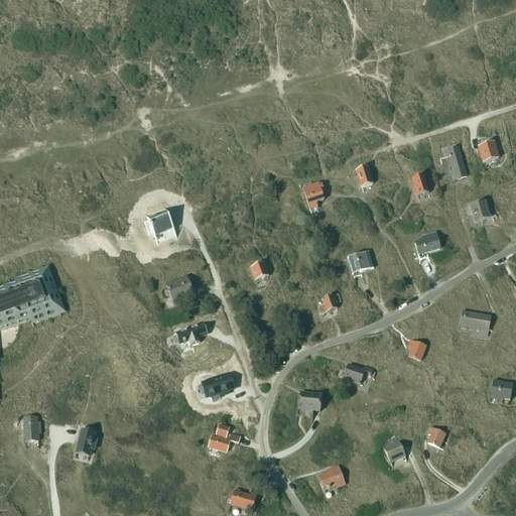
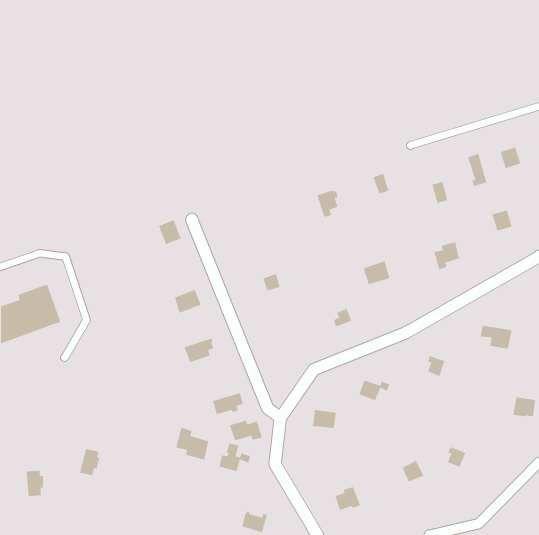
building: none -> [229,420,262,441]
building: none -> [175,427,209,460]
building: [23,415,40,440] -> [26,470,44,496]

